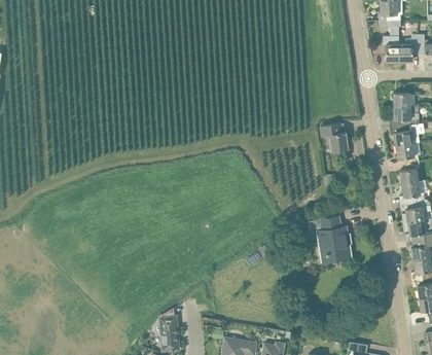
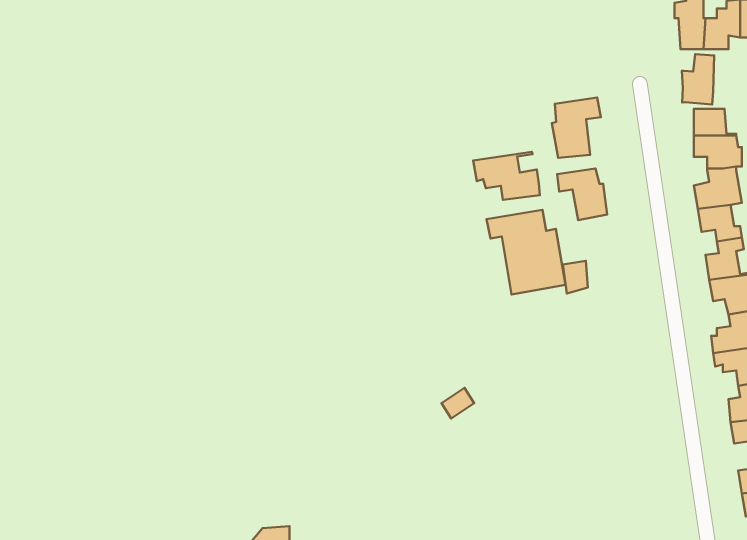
building: none -> [682,54,714,104]
building: none -> [552,98,601,158]
building: none -> [473,152,540,200]
building: [309,217,351,262] -> [487,210,566,294]

